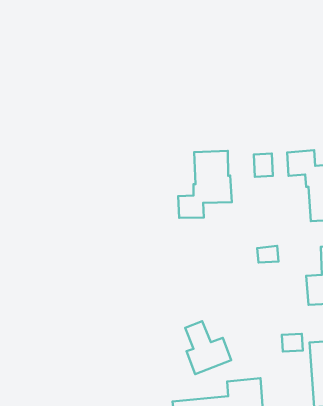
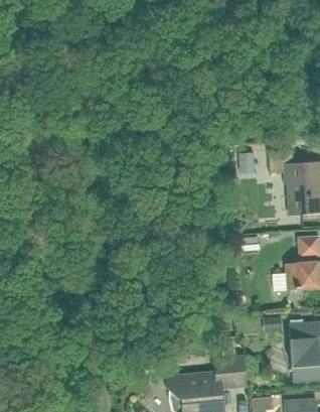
building: [178,151,232,218] -> none
building: [185,321,231,374] -> none

